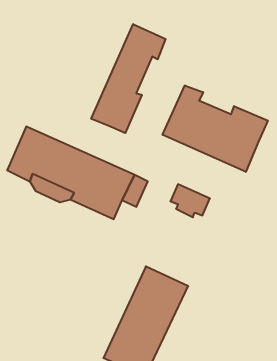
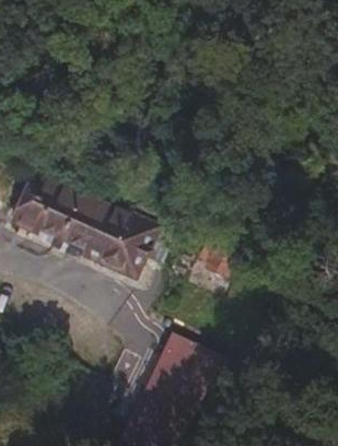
building: [91,24,166,133] -> none
building: [163,85,268,172] -> none

